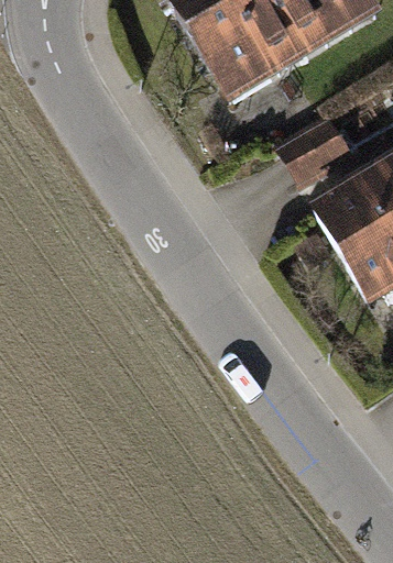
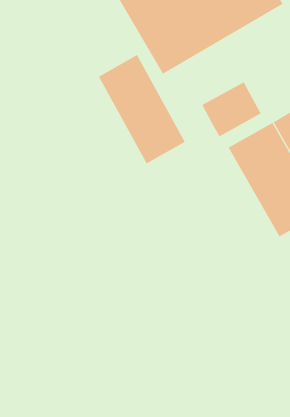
building: none -> [98,54,185,164]

